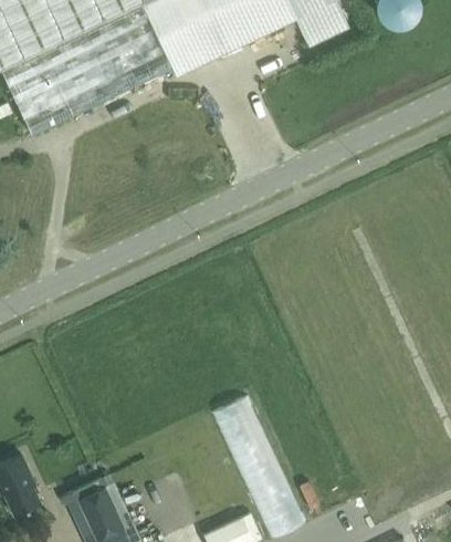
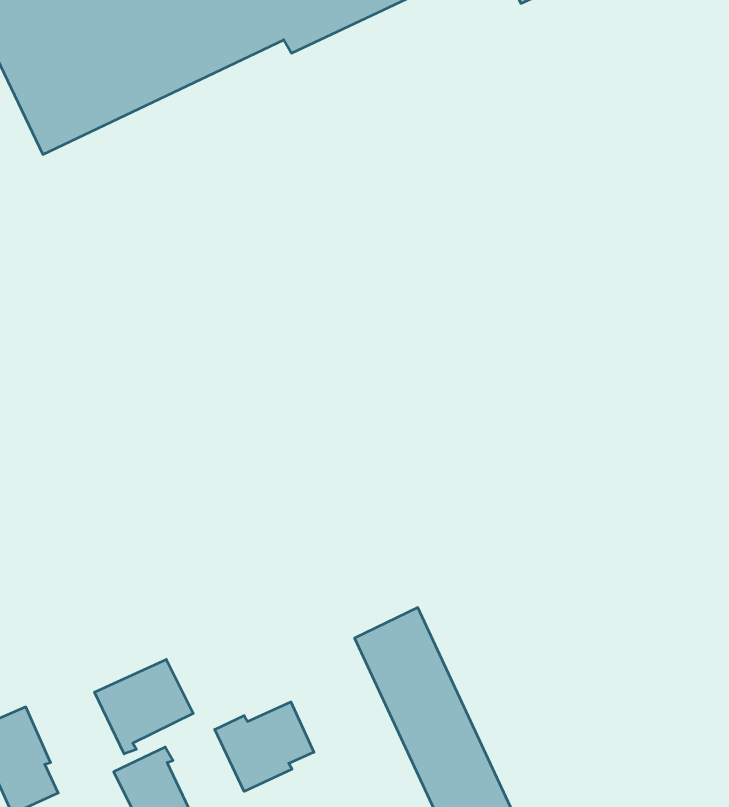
building: none -> [95,659,193,754]
building: none -> [215,702,314,791]

